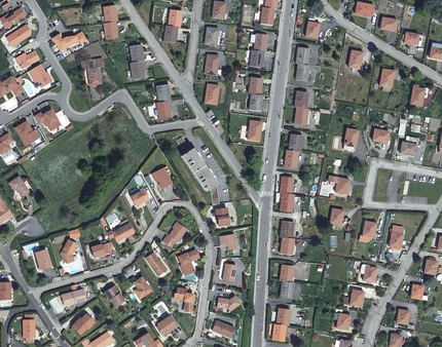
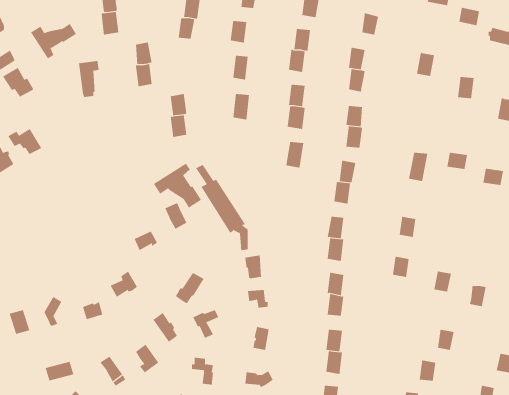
building: none -> [153,163,202,209]

